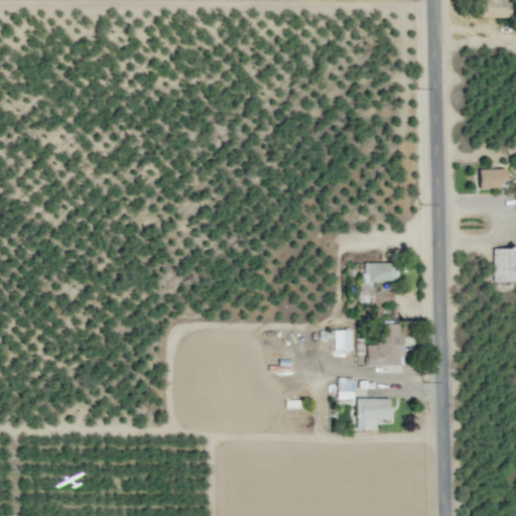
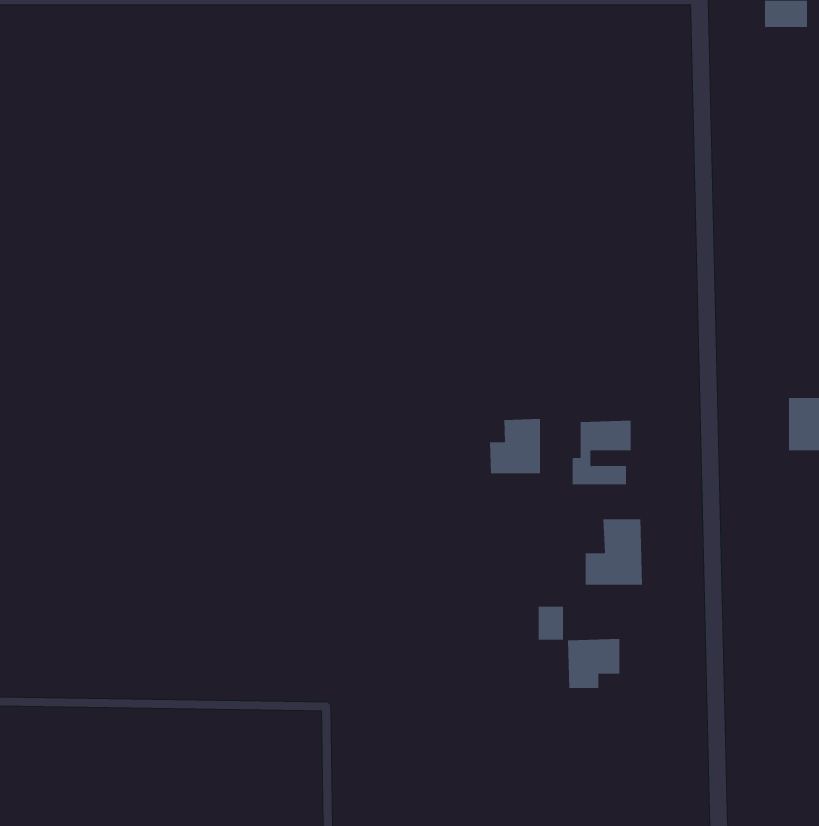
building: [481,168,508,186] -> none
building: none -> [490,418,540,474]
building: [336,330,353,351] -> none

